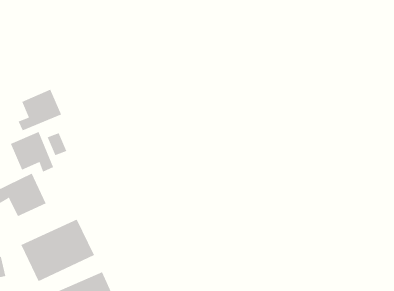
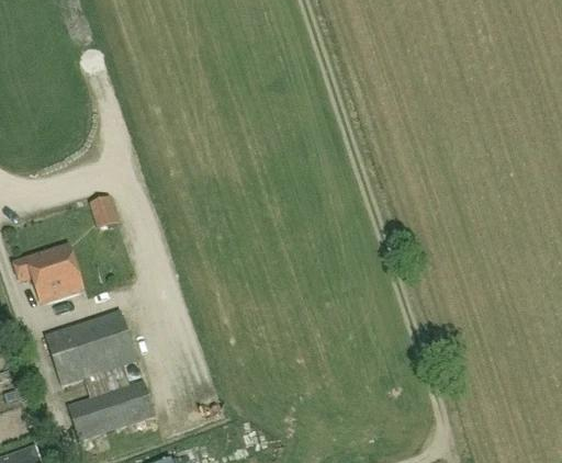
building: [18,89,62,131] -> none
building: [10,131,54,172] -> none

